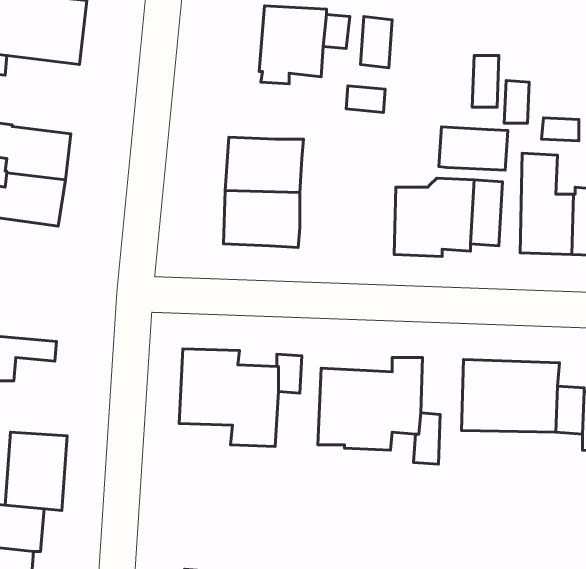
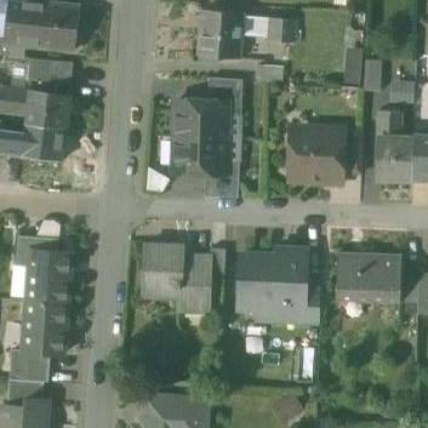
building: none -> [25,58,72,85]
building: none -> [207,78,241,114]
building: [439,127,508,170] -> none
building: none -> [204,161,239,196]
building: none -> [27,250,69,303]

